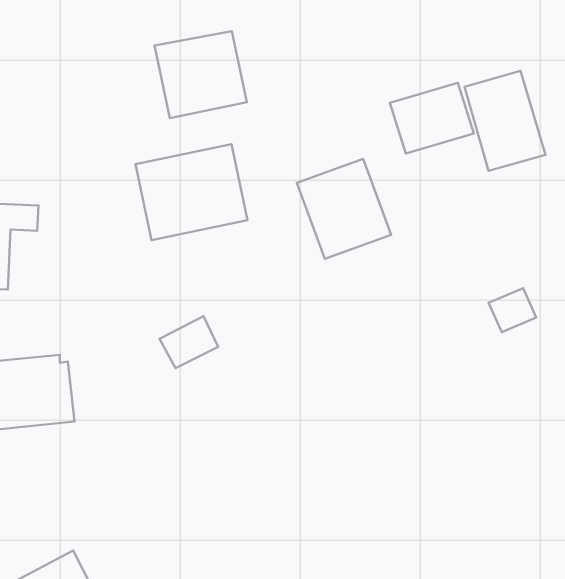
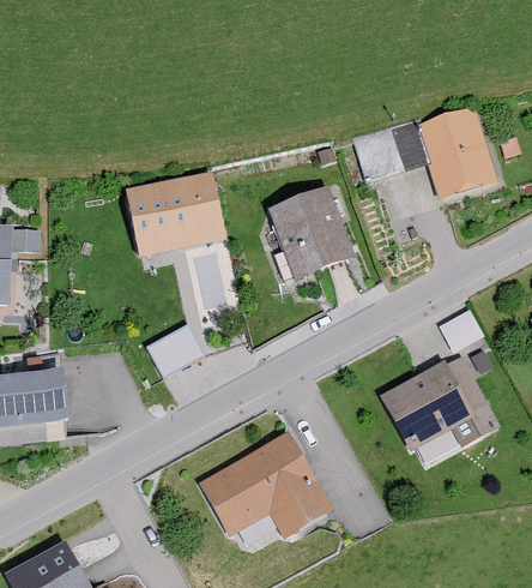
building: [154,31,247,118] -> none
building: none -> [374,359,497,456]
building: none -> [198,430,334,538]

